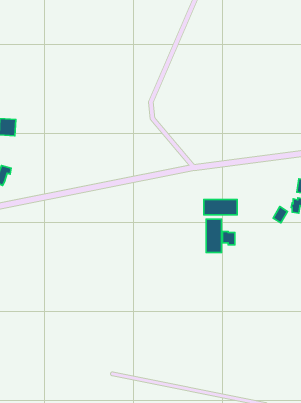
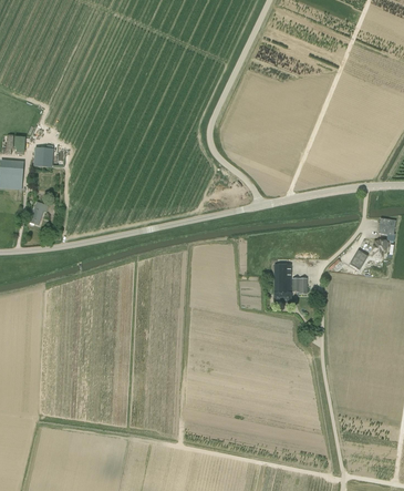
building: [204,200,237,215] -> none

